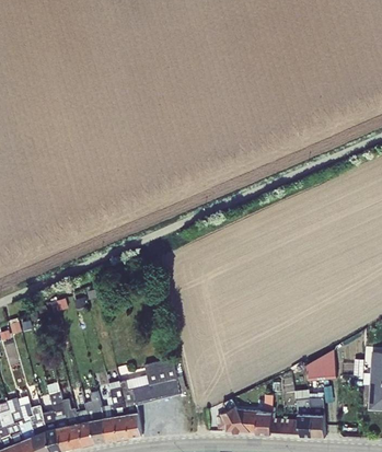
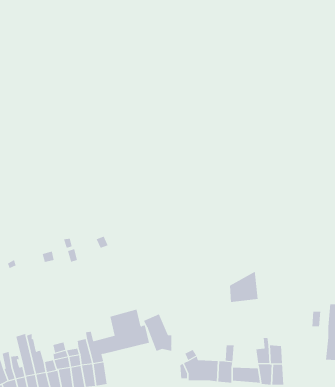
building: [305,349,336,382] -> [229,271,259,302]
building: none -> [143,314,172,352]

